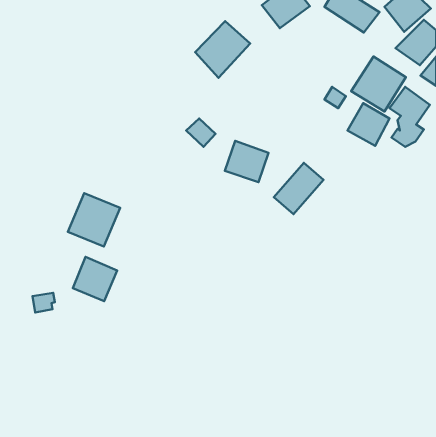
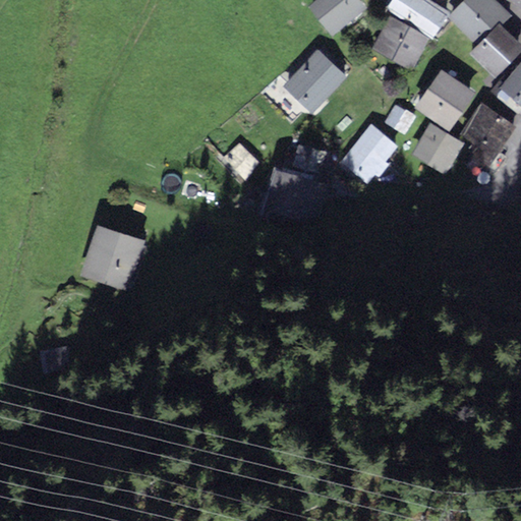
building: none -> [373,19,429,70]
building: [195,21,250,78] -> [283,49,348,116]
building: [274,163,324,214] -> [336,122,395,183]
building: [73,257,117,301] -> none

